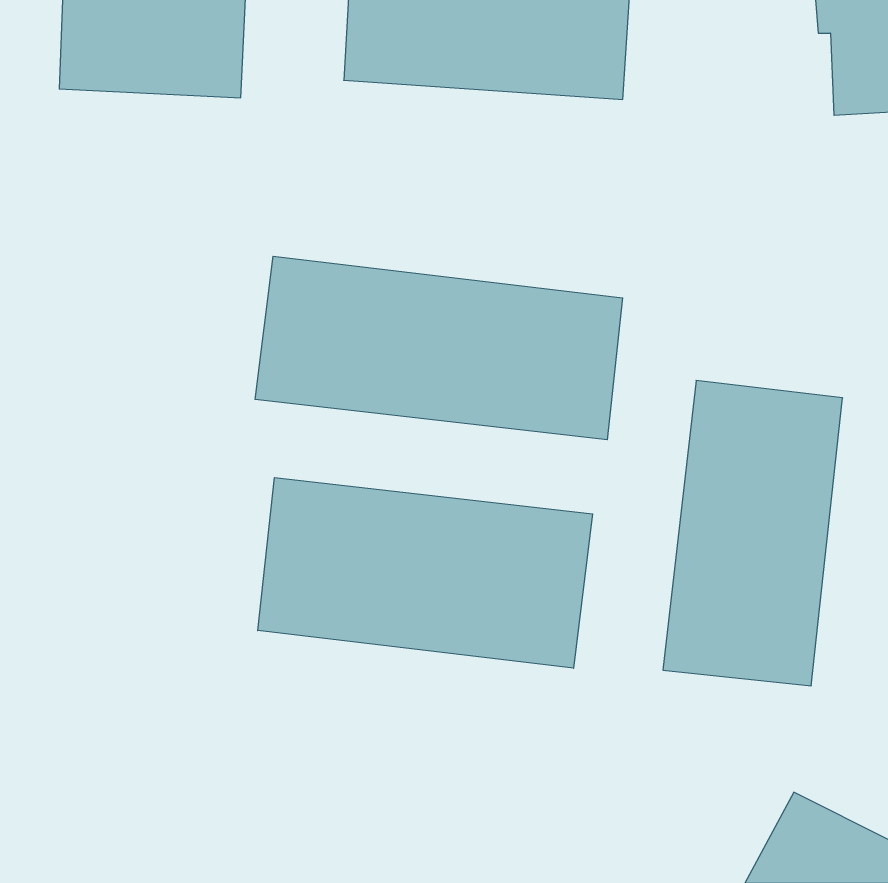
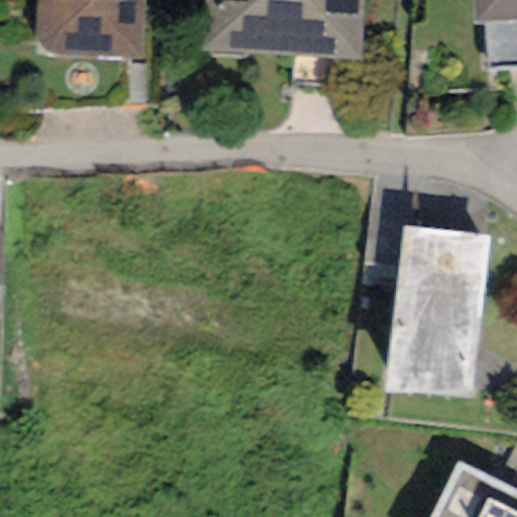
building: [255,256,623,440] -> none
building: [258,478,593,668] -> none

